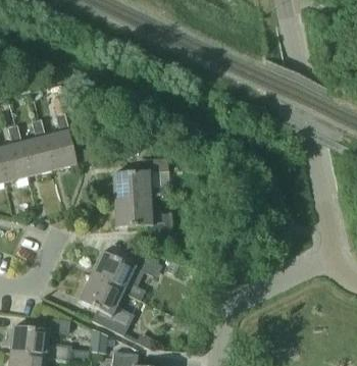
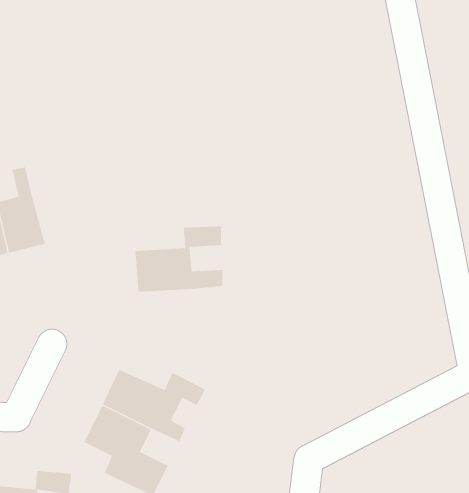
building: [45,112,75,169] -> none
building: [114,199,173,238] -> none

